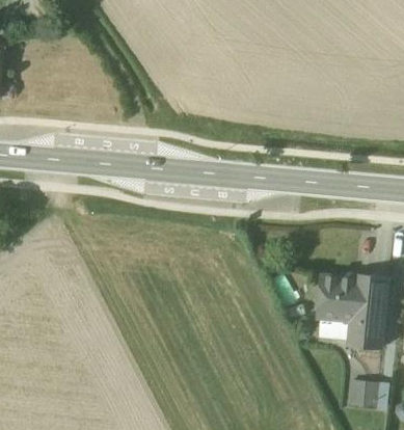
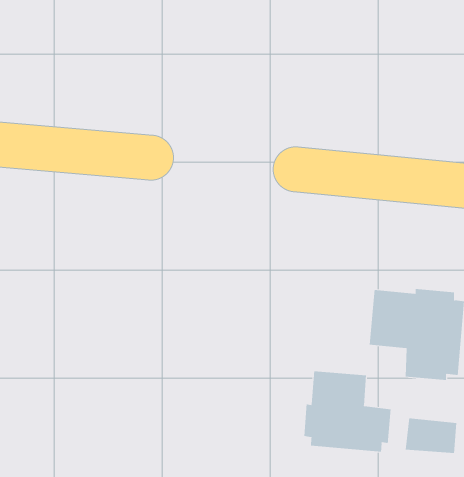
building: none -> [304,370,391,453]

